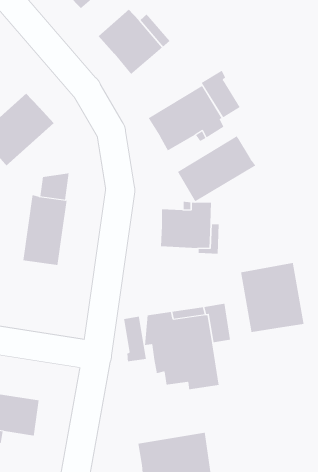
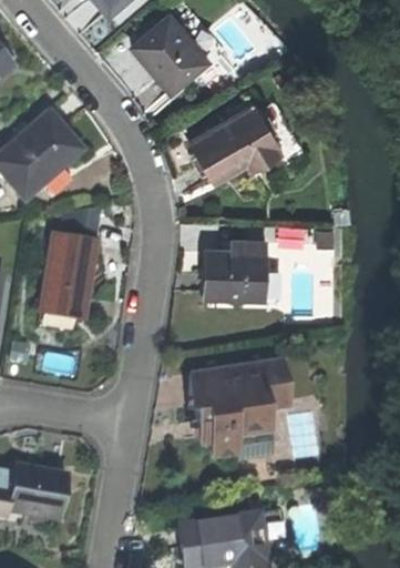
building: [201,70,240,118] -> none
building: [177,135,256,202] -> none
building: [241,262,304,333] -> none
building: [124,316,146,362] -> none

